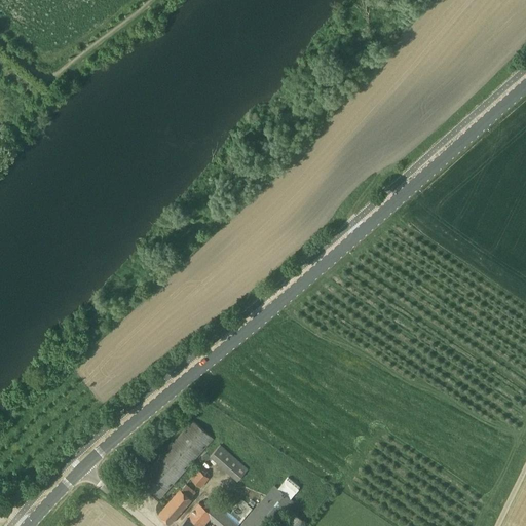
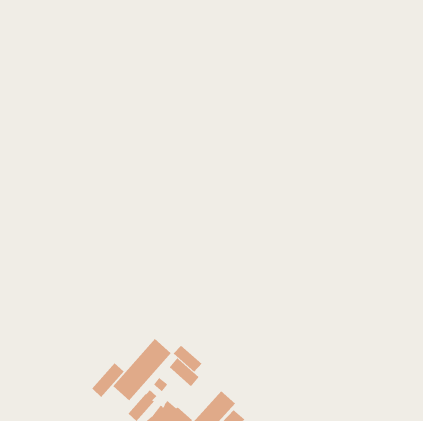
building: none -> [173,345,202,372]
building: none -> [92,362,124,398]

